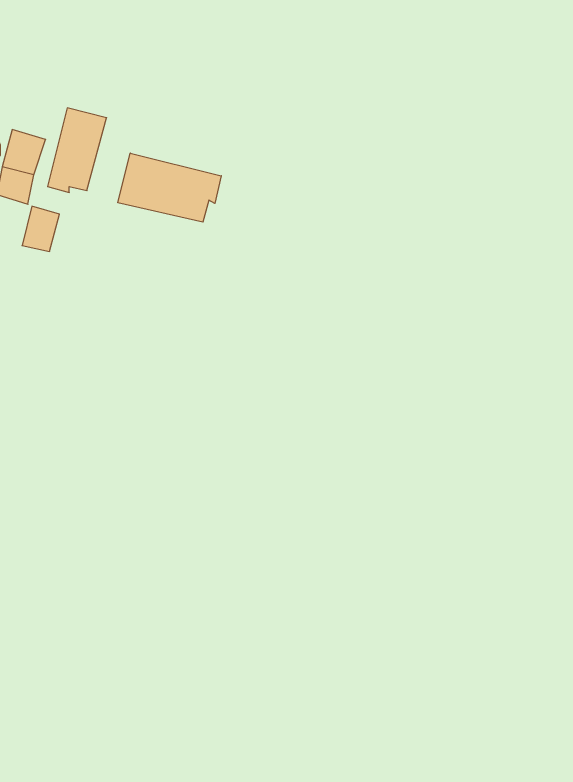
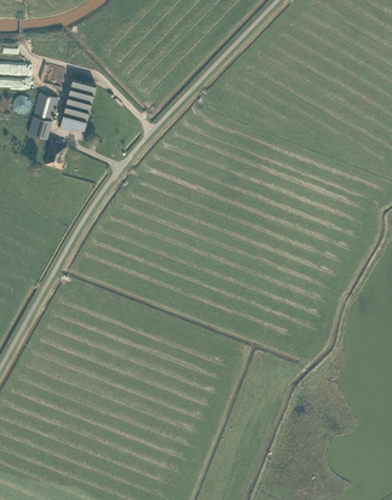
building: [118,153,221,222] -> none

